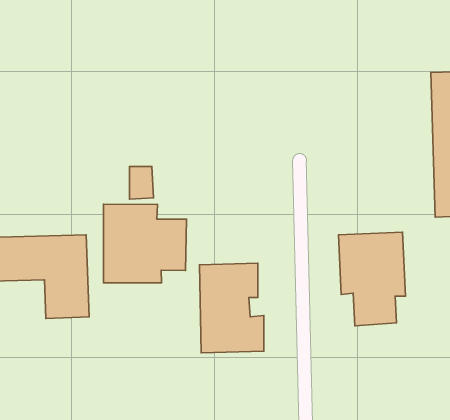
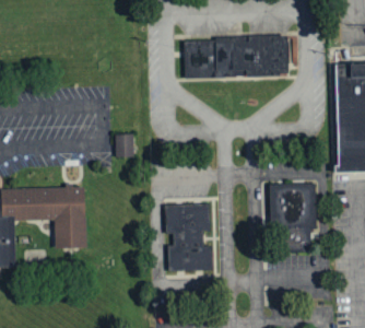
building: none -> [182,36,287,78]
building: [104,204,187,283] -> none

